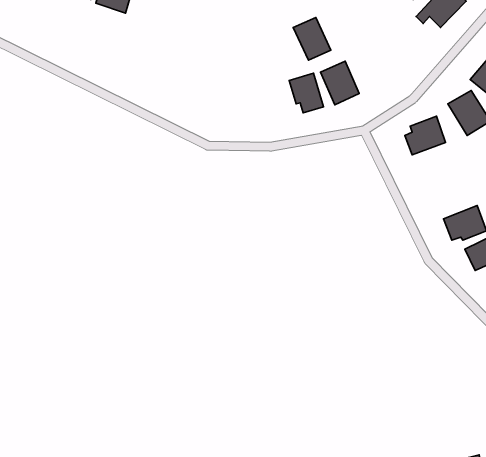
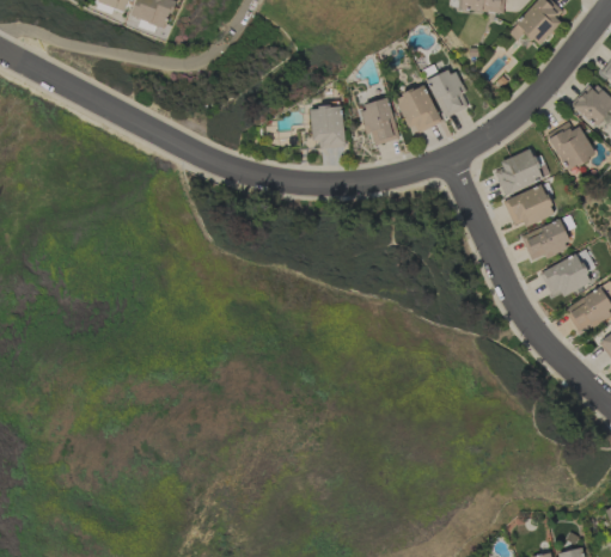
building: [293,17,331,60] -> [427,68,471,118]
building: none -> [311,106,344,148]
building: none -> [503,184,555,231]
building: none -> [521,220,572,262]

